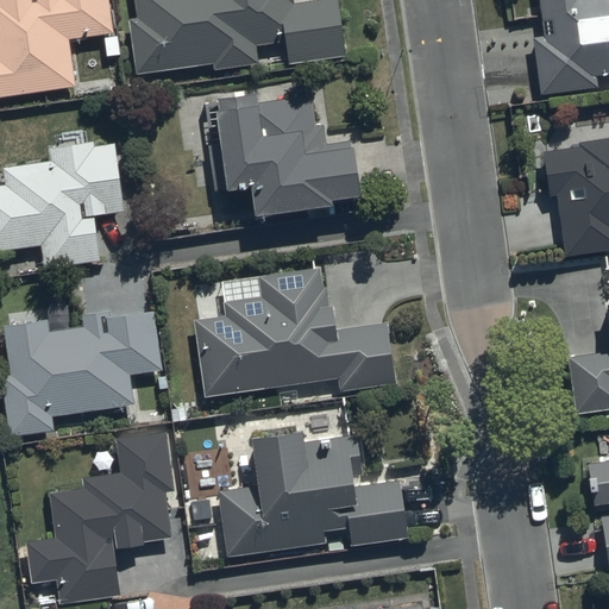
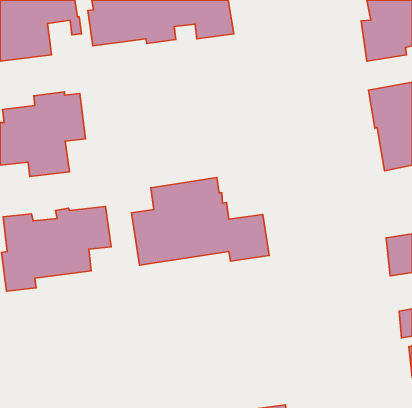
building: [207,93,363,211] -> none
building: [219,423,409,555] -> none
building: [26,432,176,603] -> none

